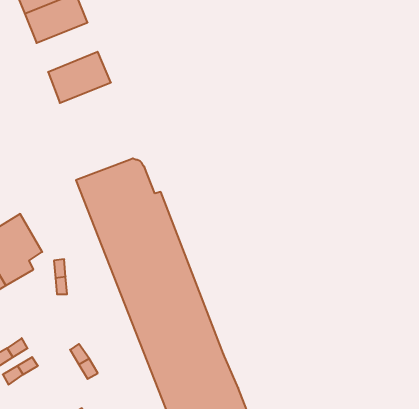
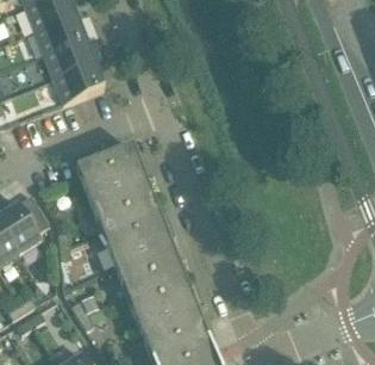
building: none -> [43,32,93,73]

